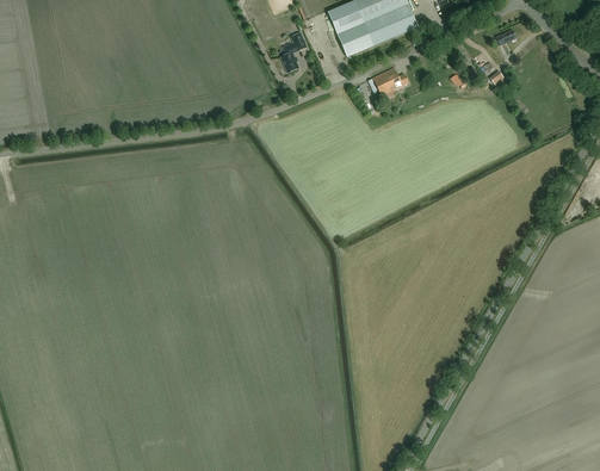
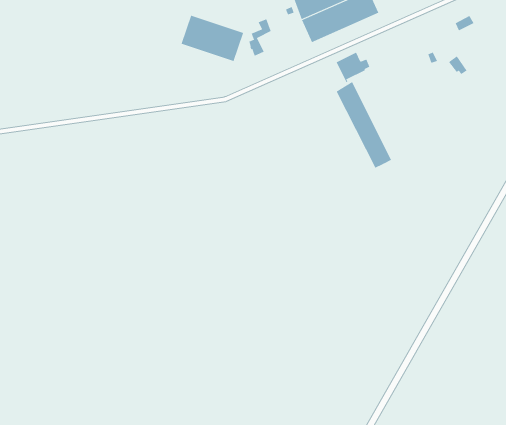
building: none -> [181,15,244,62]
building: none -> [336,81,392,169]

